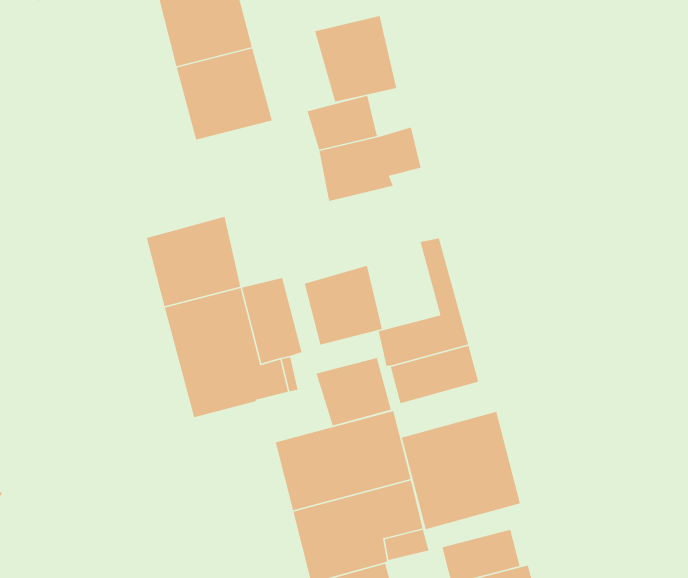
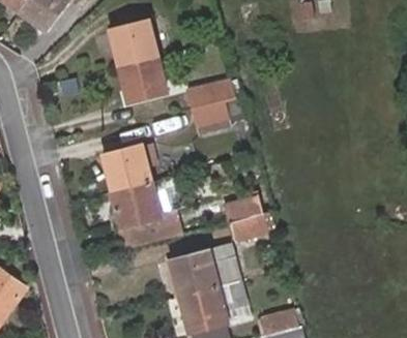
building: [314,15,397,102] -> none
building: [304,265,383,346] -> none
building: [316,357,392,426] -> none
building: [401,411,521,530] -> none

